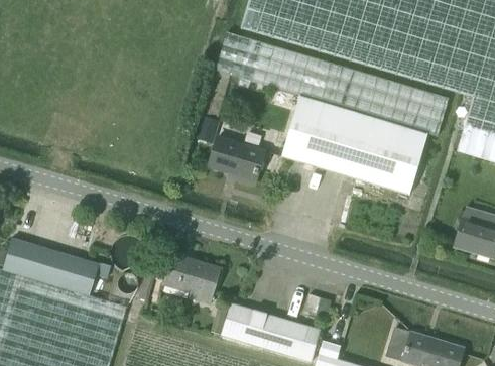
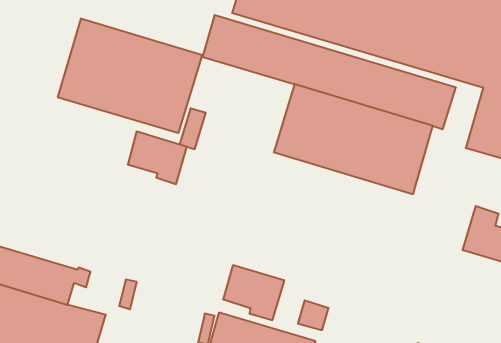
building: none -> [58,18,202,133]
building: [210,136,264,185] -> [128,132,187,184]
building: [163,253,220,303] -> [223,265,284,320]

